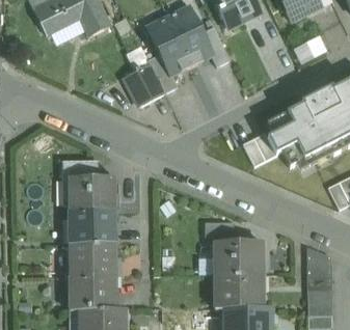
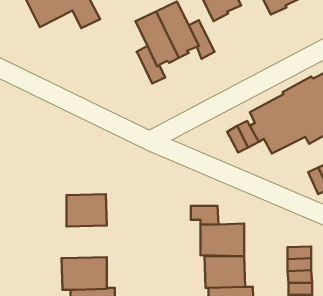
building: [124,63,164,106] -> none
building: [62,162,115,211] -> none
building: [70,243,115,277] -> none

